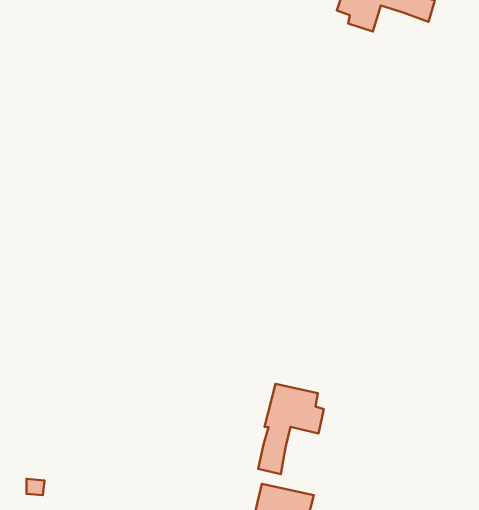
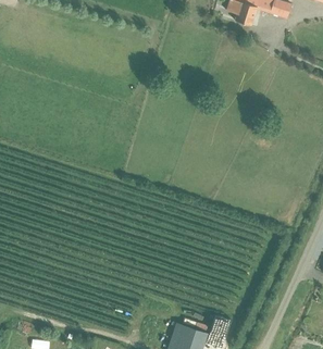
building: [258,384,324,474] -> none

